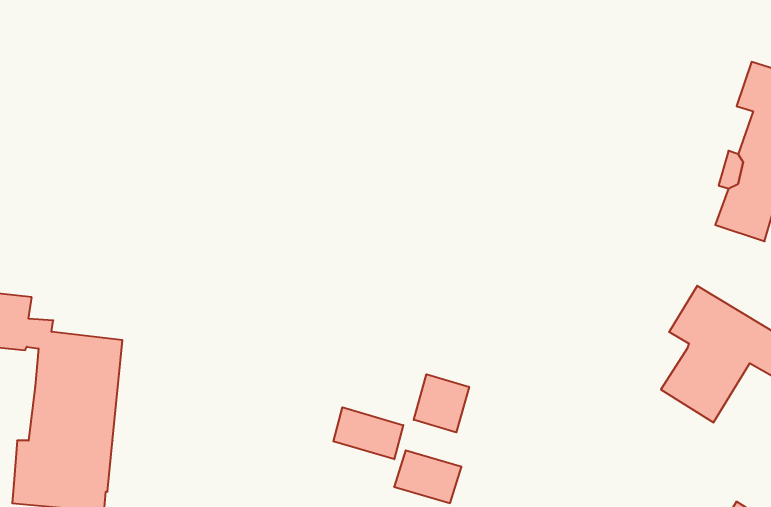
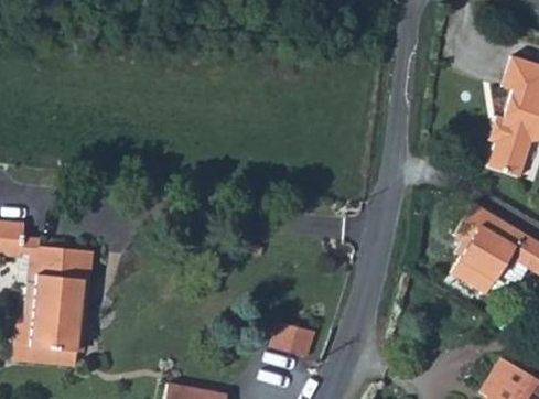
building: [414,374,469,432] -> none
building: [333,407,403,459] -> none

